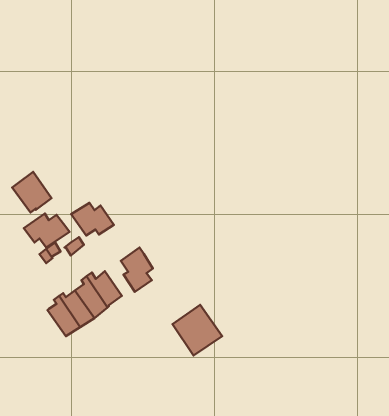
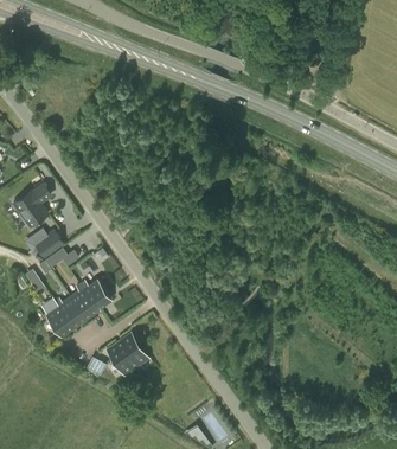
building: [71,203,114,236] -> none
building: [121,248,153,292] -> none
building: [173,305,222,356] -> [107,332,152,378]

